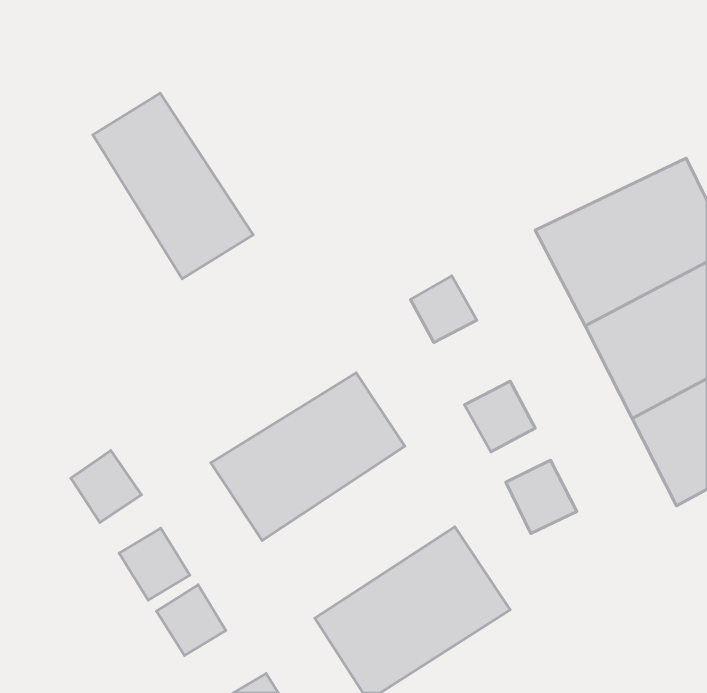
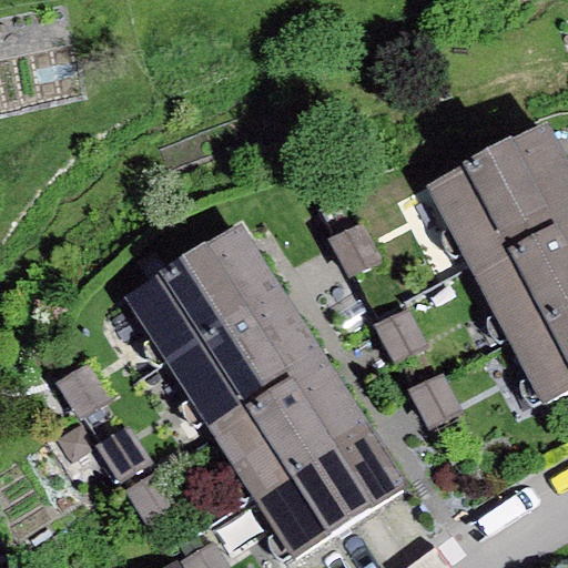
building: [93,93,253,279] -> none
building: none -> [126,229,285,371]
building: none -> [210,357,364,495]

